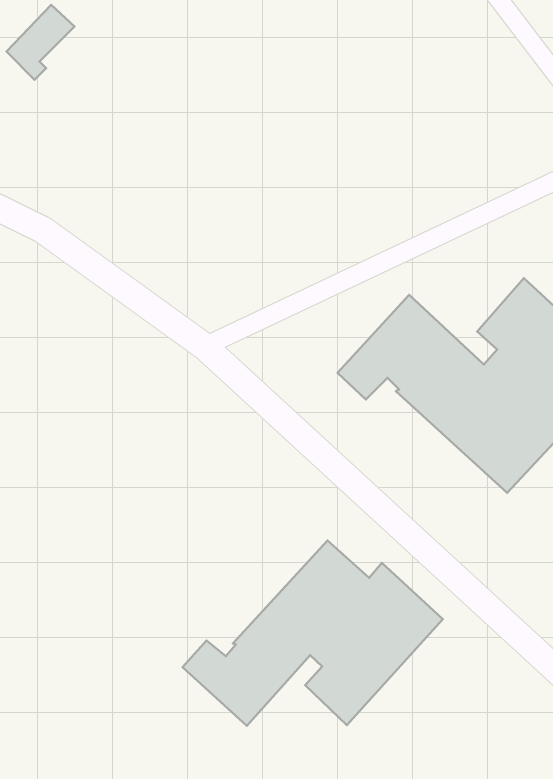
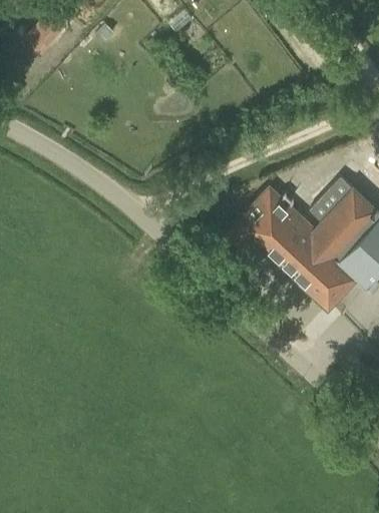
building: [183,541,443,726] -> none

